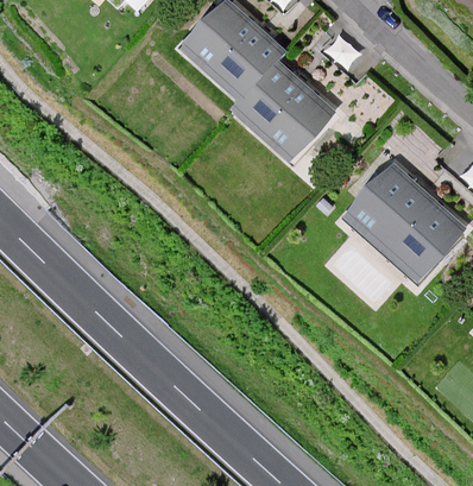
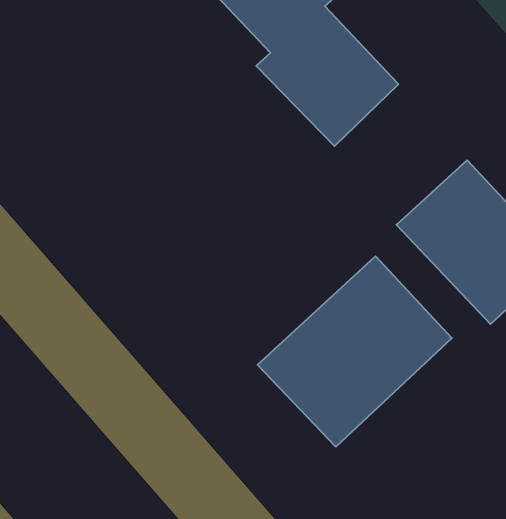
building: none -> [258,256,452,447]

